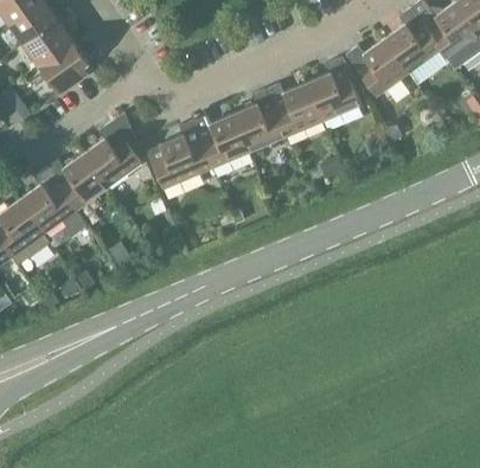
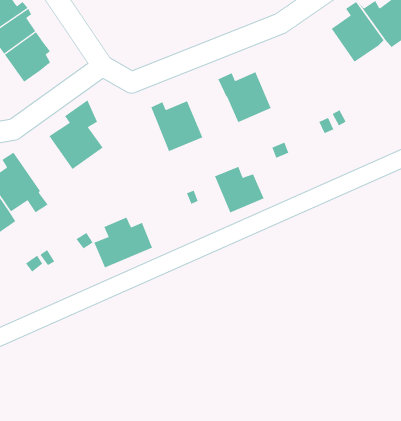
building: [347,38,409,97] -> none
building: [305,57,360,122] -> none
building: [232,103,286,153] -> [214,166,264,213]
building: [149,135,212,190] -> [93,217,153,268]
building: [49,152,110,210] -> none

